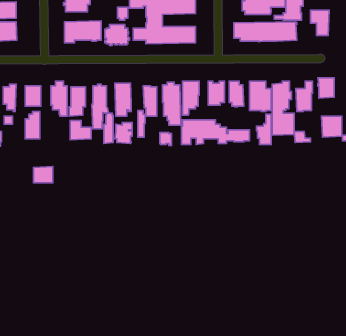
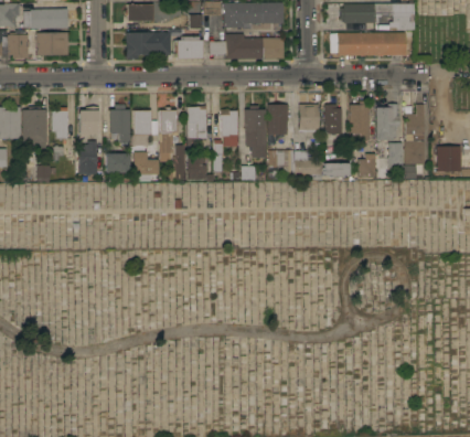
building: [310,10,329,35] -> none
building: [318,78,334,98] -> [404,140,424,164]
building: [34,167,53,183] -> [106,152,129,172]

